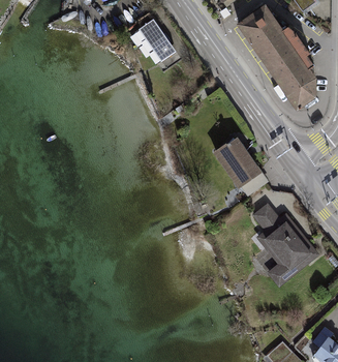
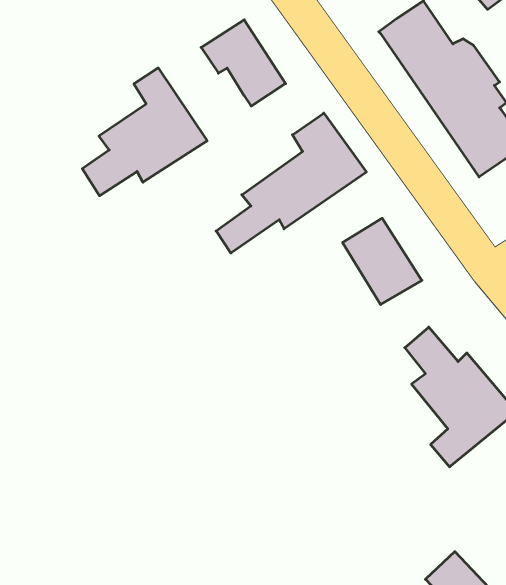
building: none -> [82,68,207,196]
building: none -> [216,113,366,253]

